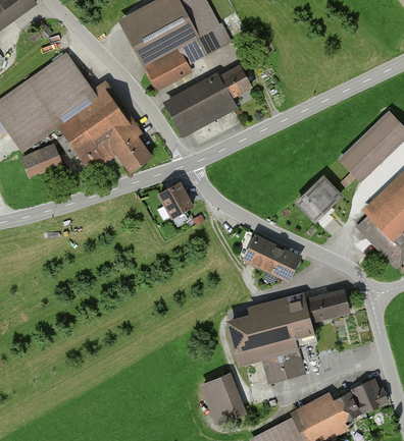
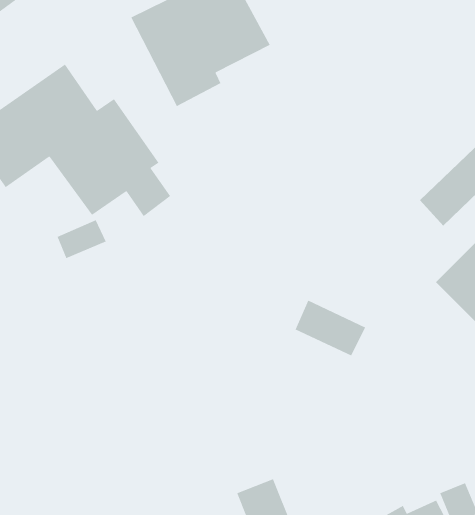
building: [166,70,247,133] -> none
building: [22,145,61,175] -> [56,219,107,259]
building: [297,178,339,220] -> none
building: [157,183,191,217] -> none
building: [226,289,349,379] -> none

